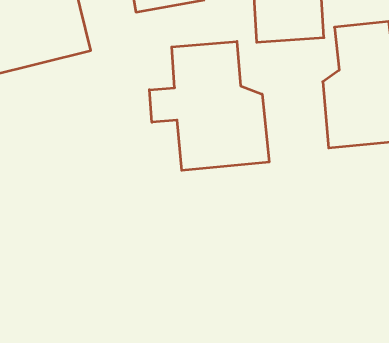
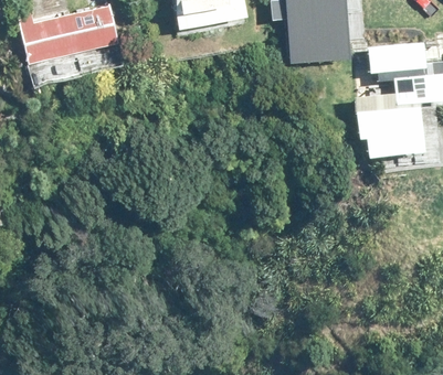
building: [149,41,269,170] -> none

